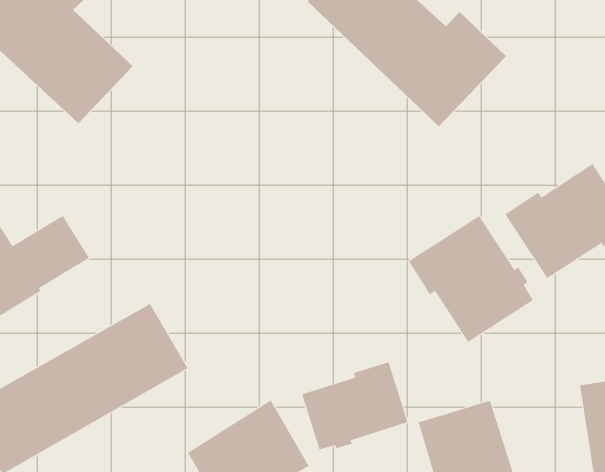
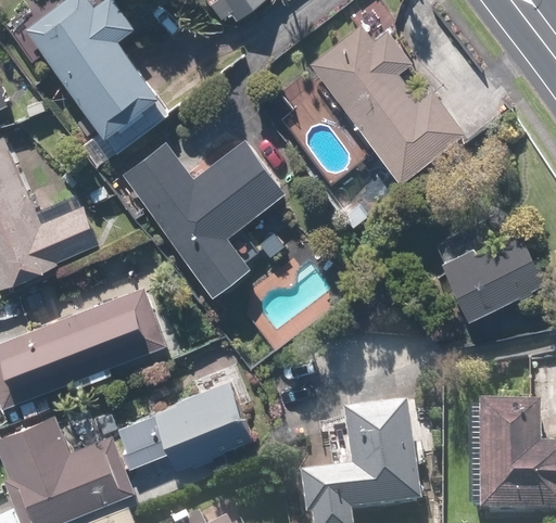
building: none -> [121,139,285,294]
building: [408,215,534,343] -> none
building: [301,361,408,450] -> none

